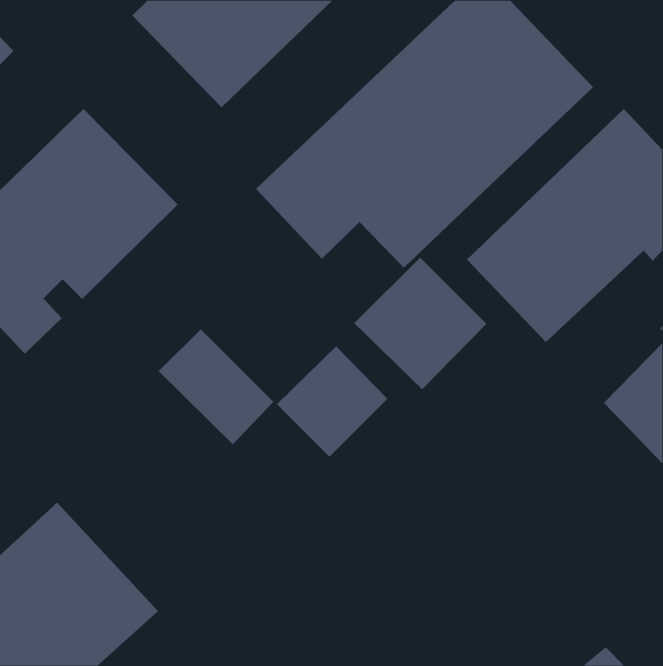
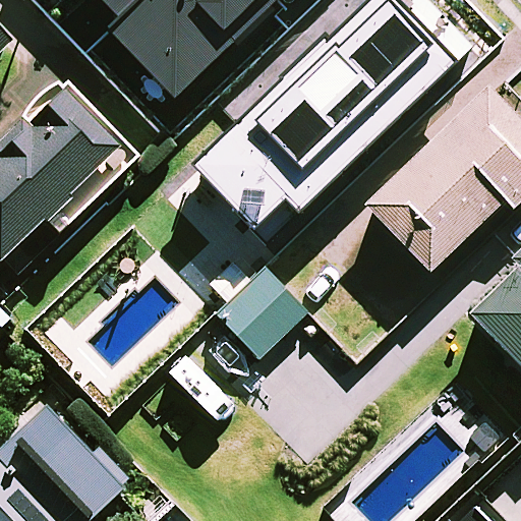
building: [354,257,487,390] -> none
building: [158,328,274,445] -> none

